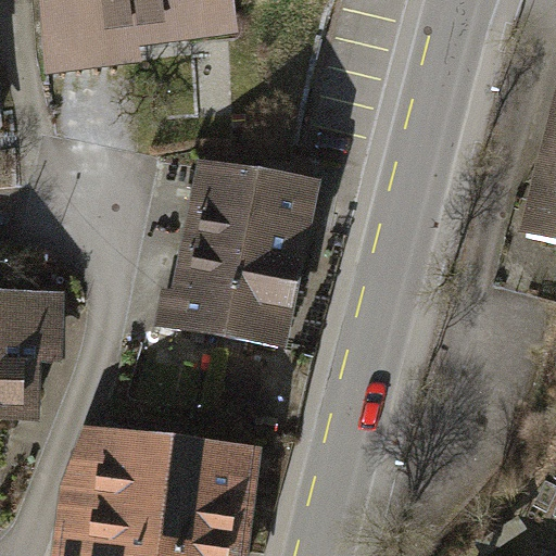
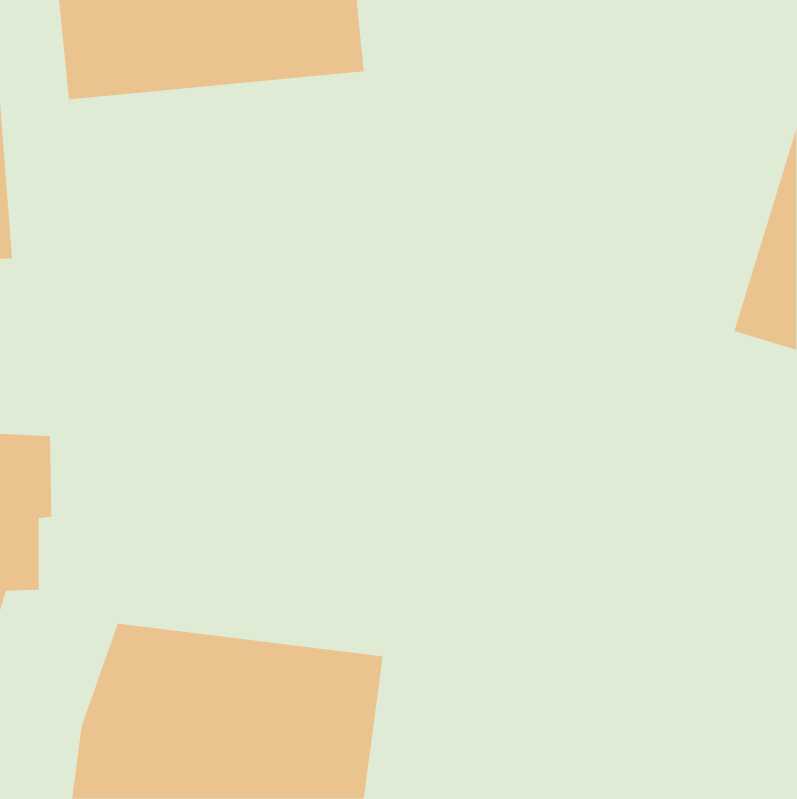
building: [168,159,313,341] -> none

